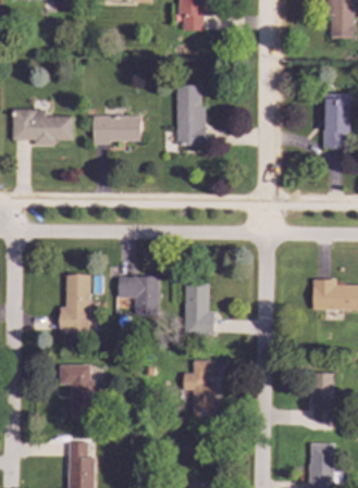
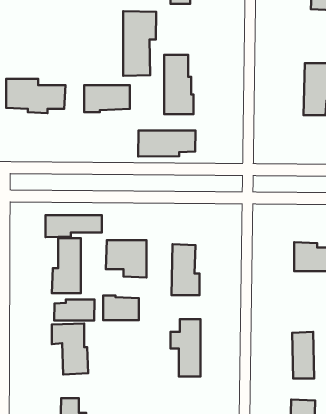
building: none -> [123,11,156,76]
building: none -> [138,130,196,156]
building: none -> [45,215,102,237]
building: none -> [103,295,139,320]
building: none -> [54,299,95,320]

